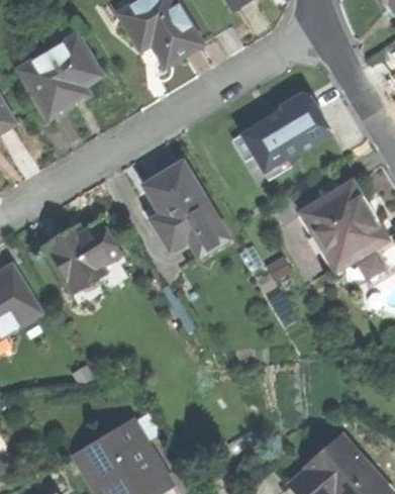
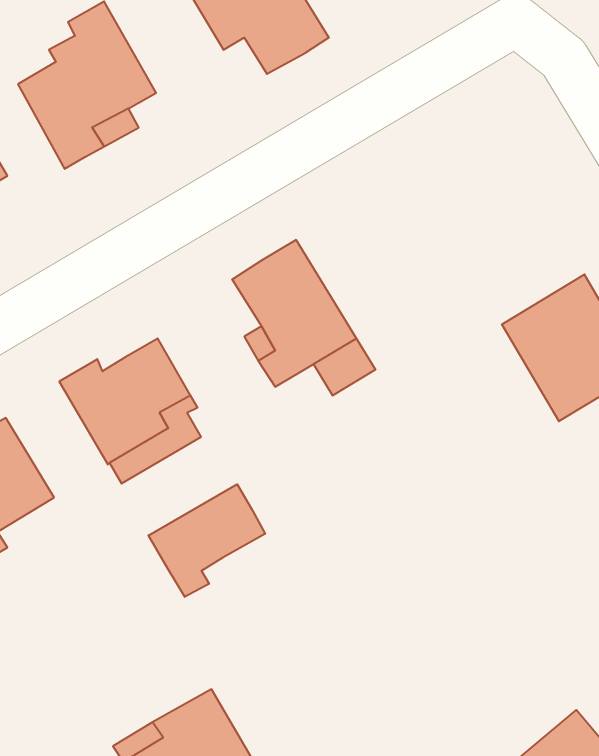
building: [242,93,328,170] -> none
building: none -> [148,484,265,597]

